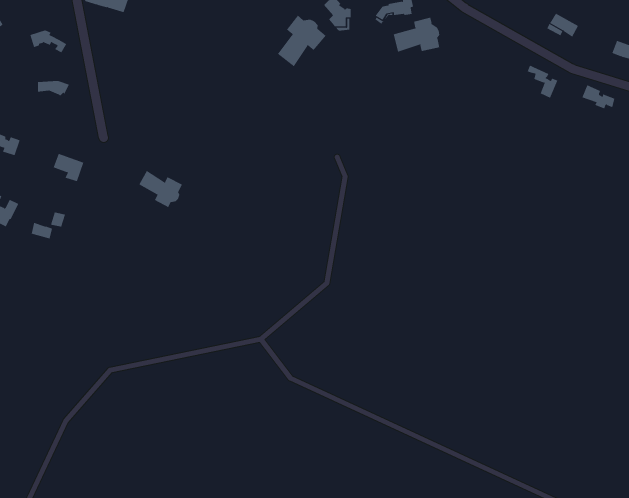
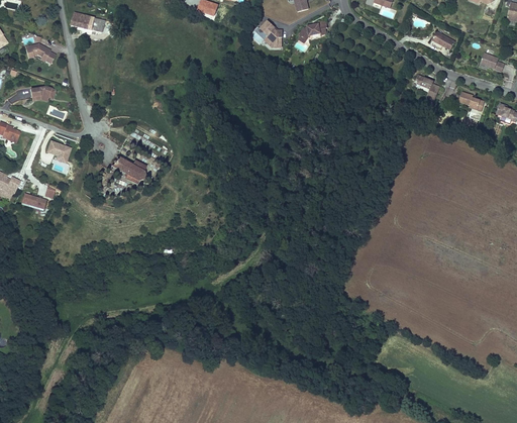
building: [277,15,327,67] -> none
building: [393,17,440,52] -> none

